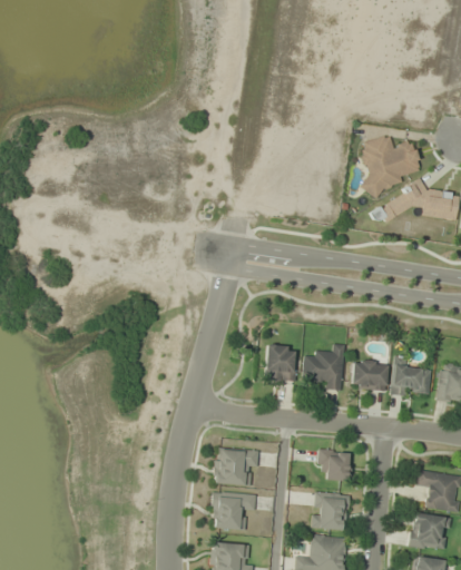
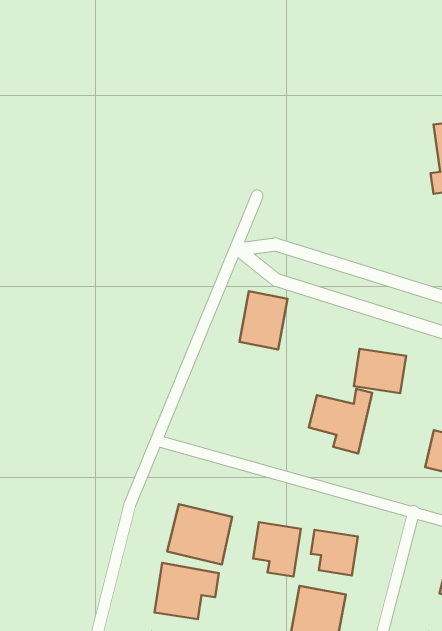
building: [265,344,295,383] -> [240,291,288,349]
building: [353,362,388,390] -> [354,349,406,393]
building: none -> [253,522,301,577]

